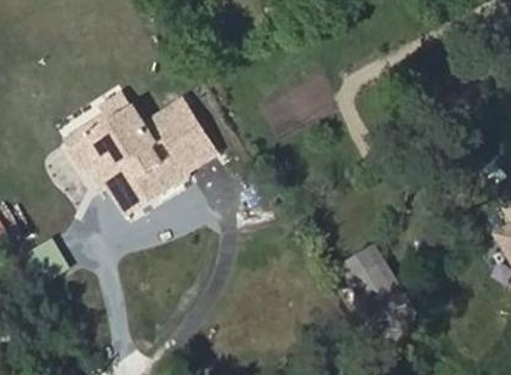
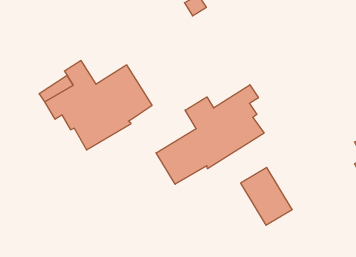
building: none -> [156,85,264,184]

